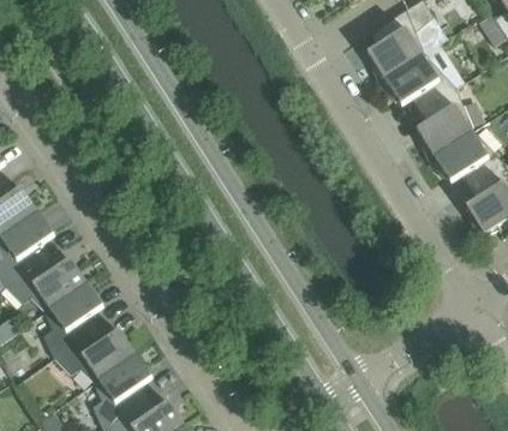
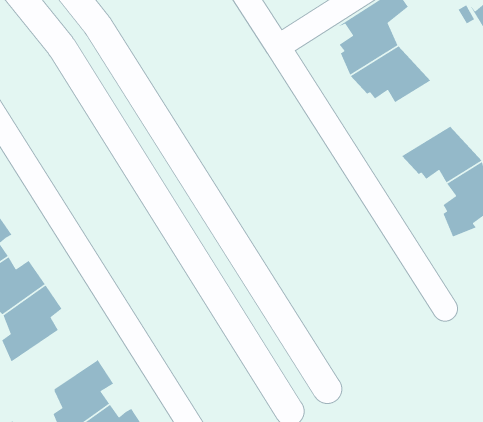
building: [418,88,474,160] -> none
building: [54,327,137,383] -> none

